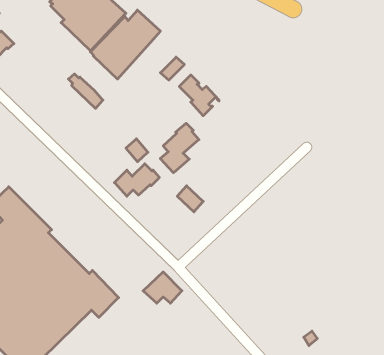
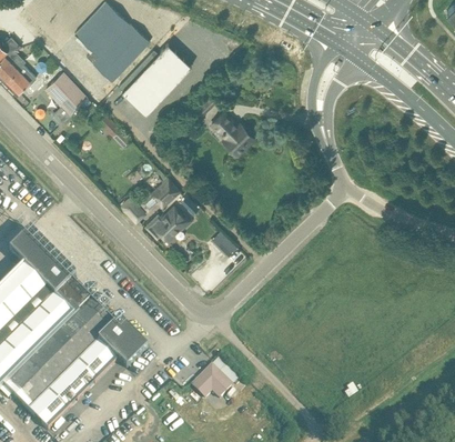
building: none -> [44,69,85,122]
building: [160,123,199,173] -> none
building: [143,272,182,303] -> [189,363,230,396]

